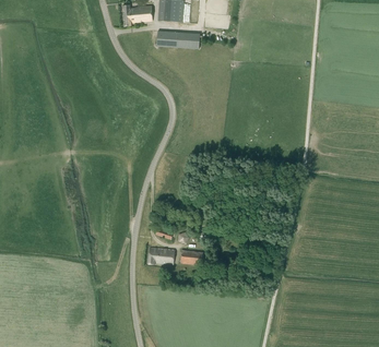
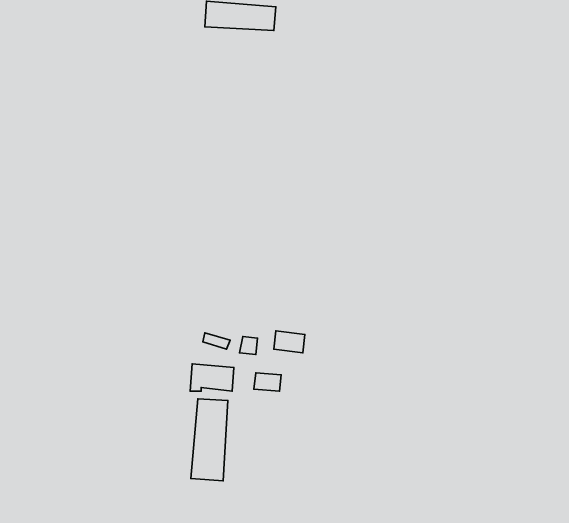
building: none -> [191,399,228,481]

